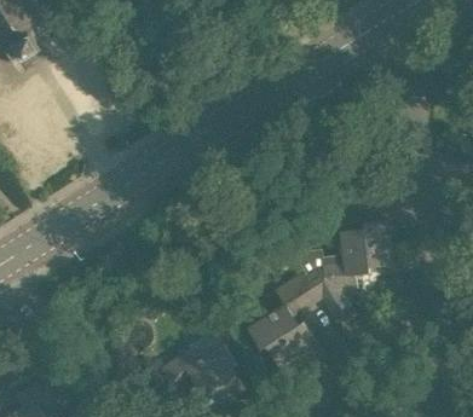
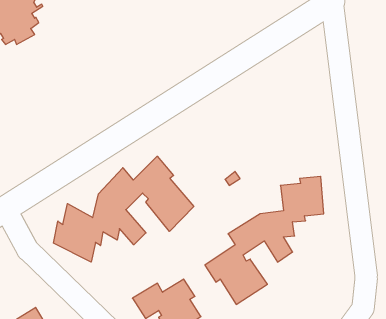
building: none -> [53,156,194,262]

